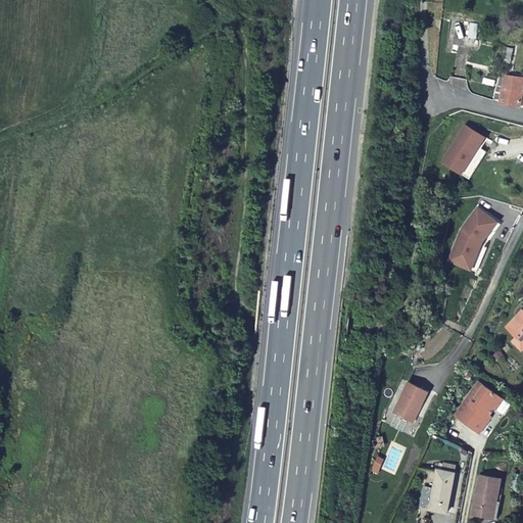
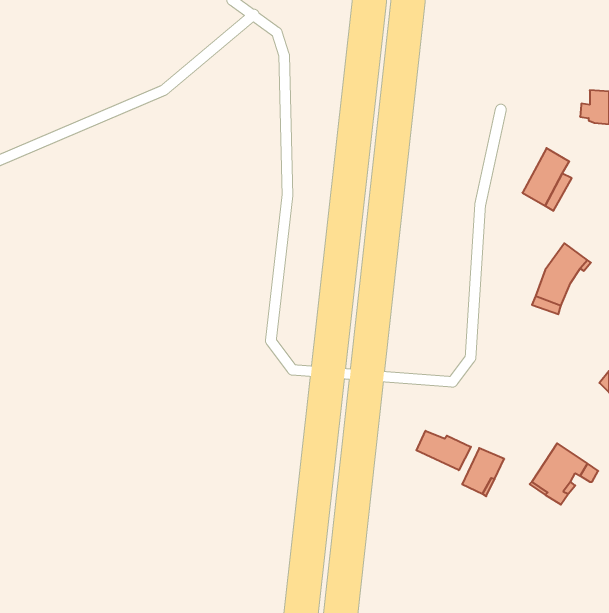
building: none -> [416,431,471,470]
building: [430,469,454,512] -> none
building: [472,472,501,517] -> none

